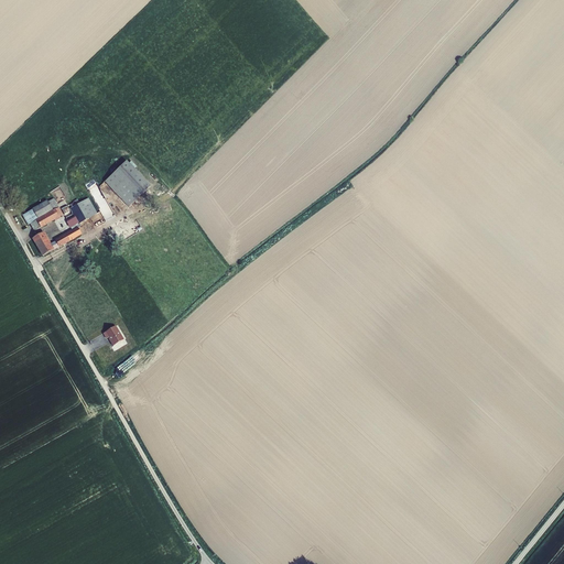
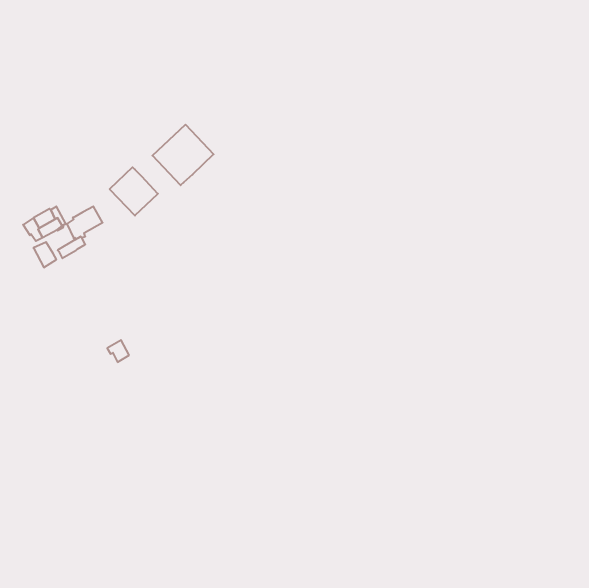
building: none -> [152,125,214,185]

